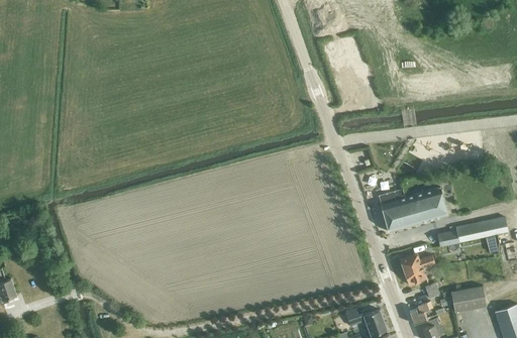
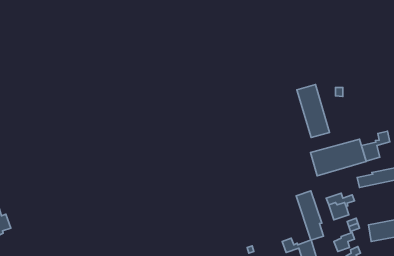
building: none -> [297,84,329,138]
building: none -> [361,131,390,161]
building: none -> [296,191,324,240]

